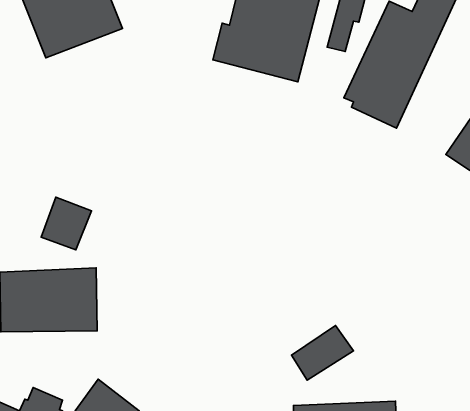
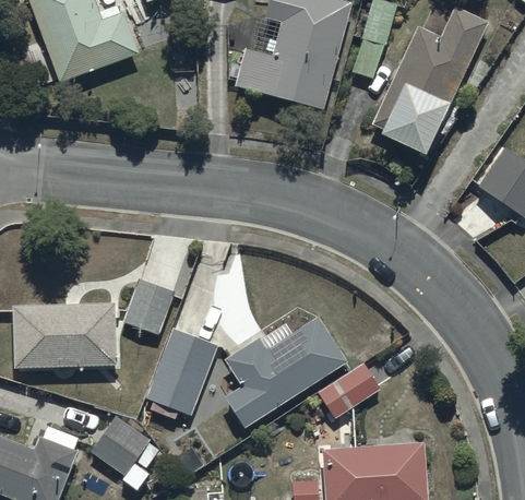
building: [41,197,92,250] -> [123,279,176,334]
building: none -> [224,318,348,428]
building: none -> [147,329,217,419]

